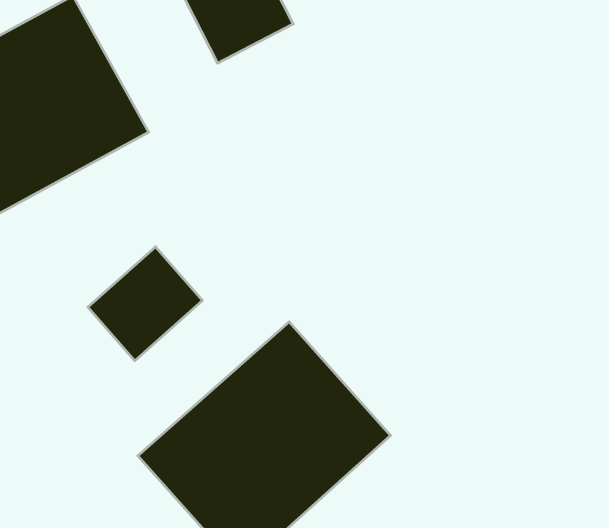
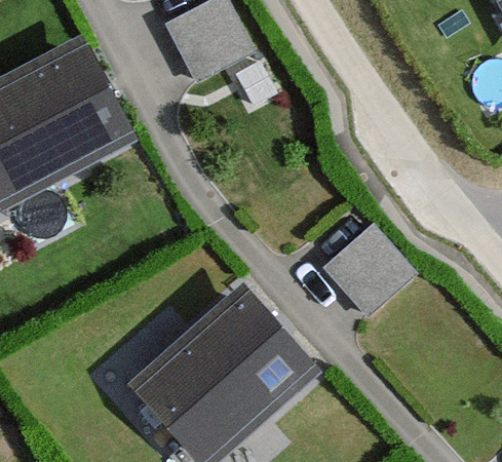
building: [88,247,202,361] -> none
building: none -> [318,226,410,317]

